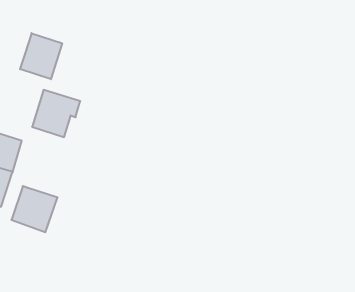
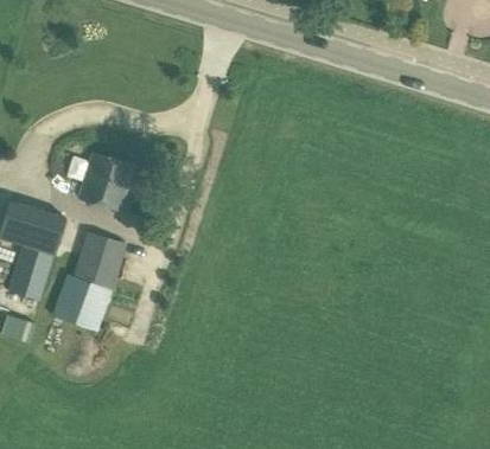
building: [20,33,62,79] -> none
building: none -> [72,231,127,288]

